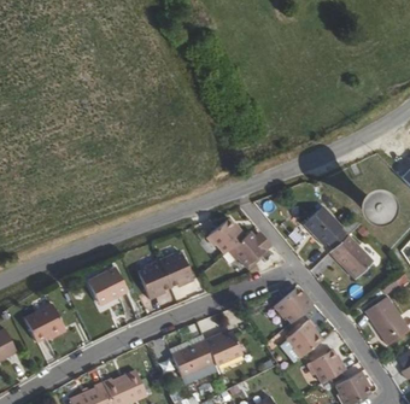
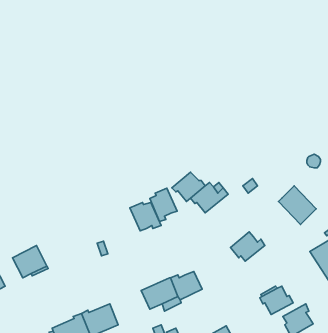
building: [305,206,362,248] -> none
building: [140,259,171,298] -> [150,188,177,222]
building: [88,265,128,300] -> none
building: [287,320,322,358] -> none

